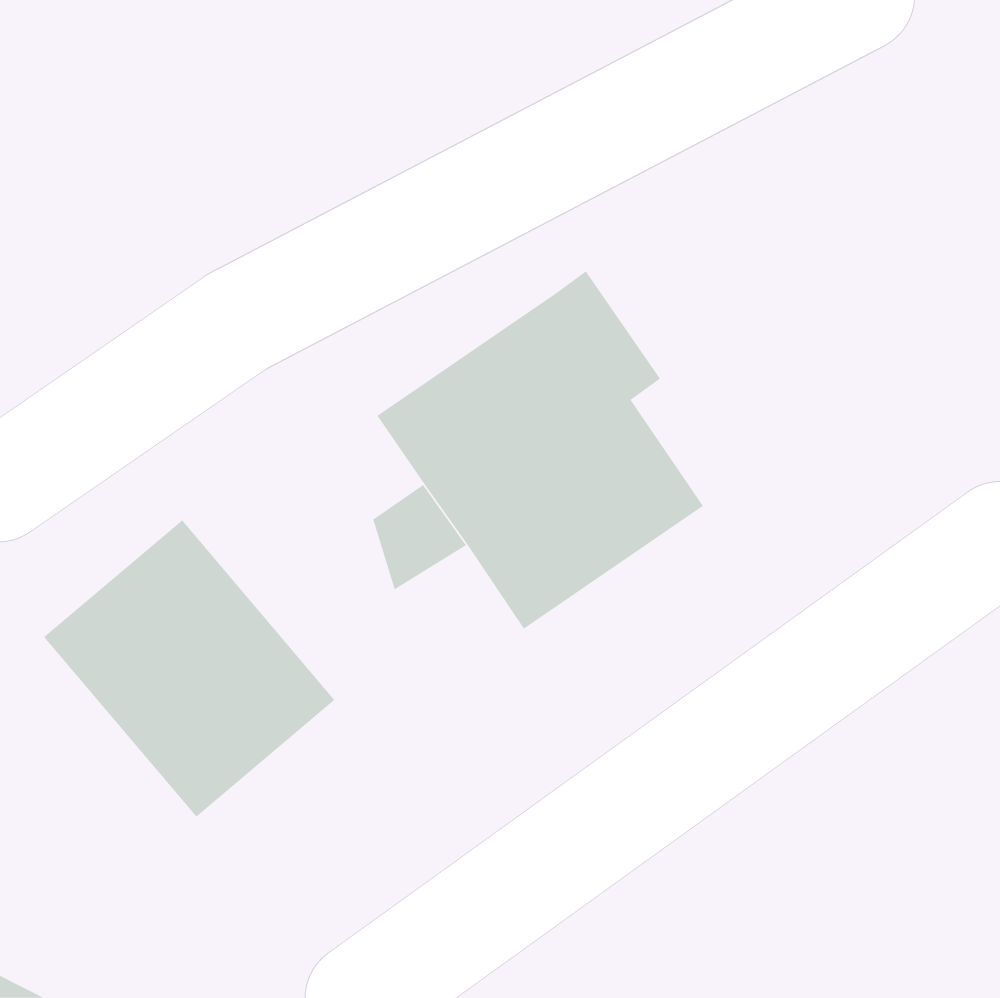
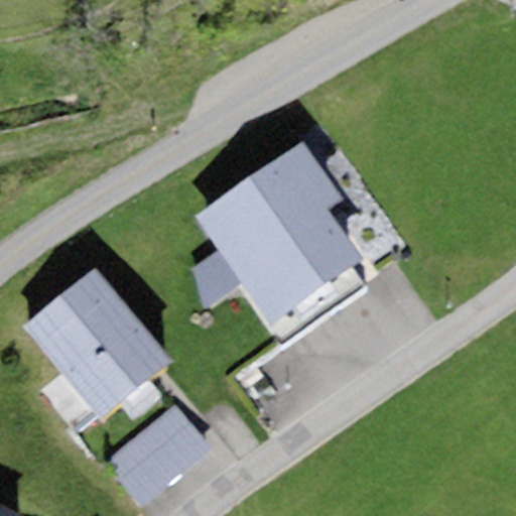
building: none -> [103,405,210,507]

